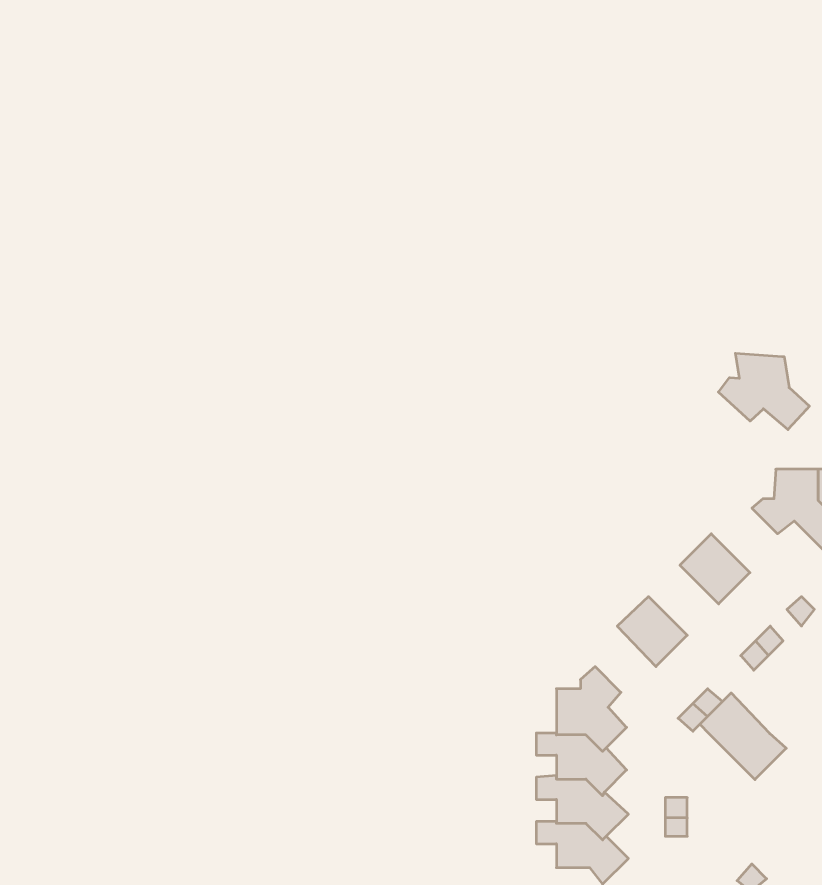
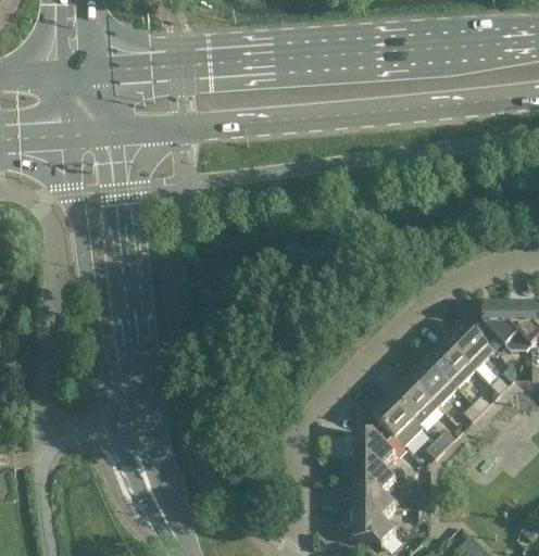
building: [718,353,809,430] -> none
building: none -> [449,320,491,363]
building: none -> [412,358,453,400]
building: [700,693,786,780] -> [375,394,426,445]

